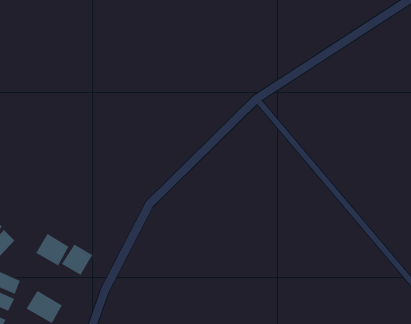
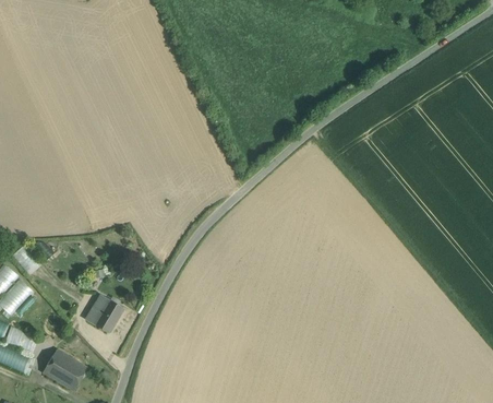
building: [35,233,70,266] -> none

